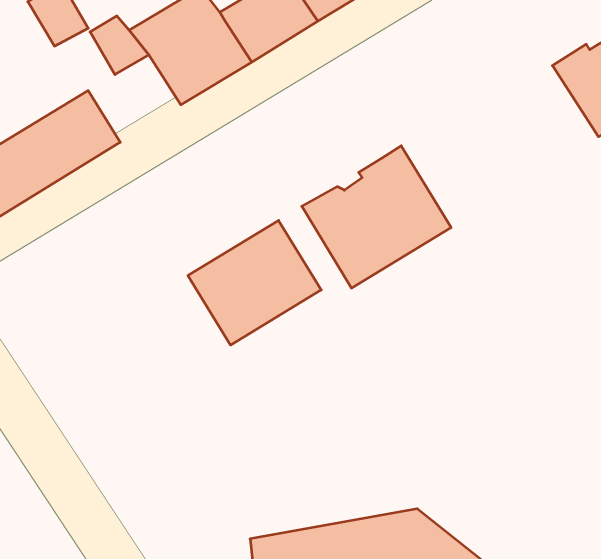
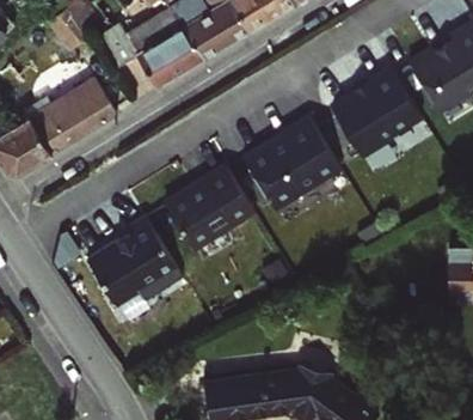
building: none -> [331,66,423,163]
building: none -> [84,215,179,305]

